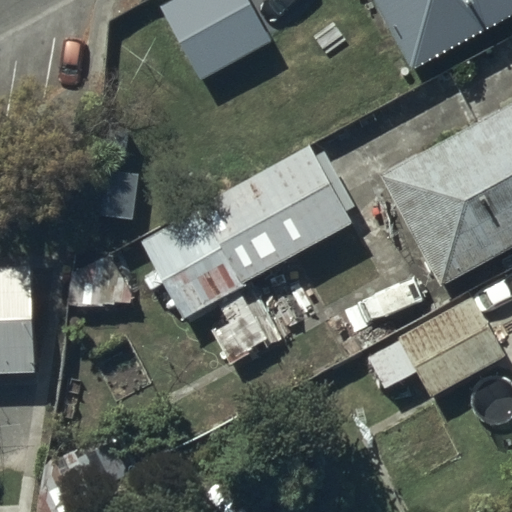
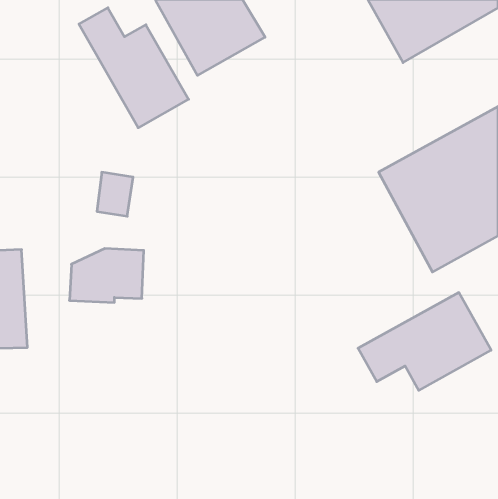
building: none -> [79,8,189,128]
building: [143,147,354,365] -> none

